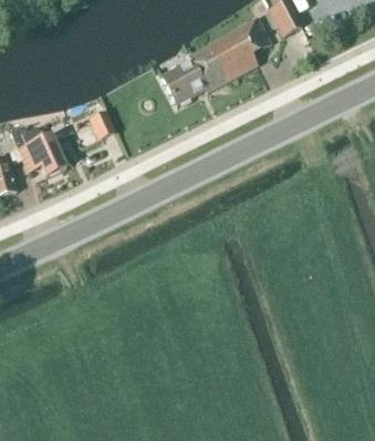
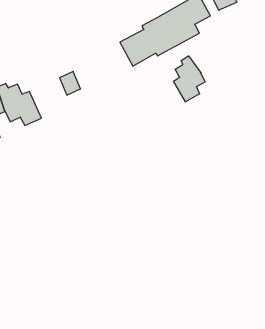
building: none -> [174,56,205,102]

